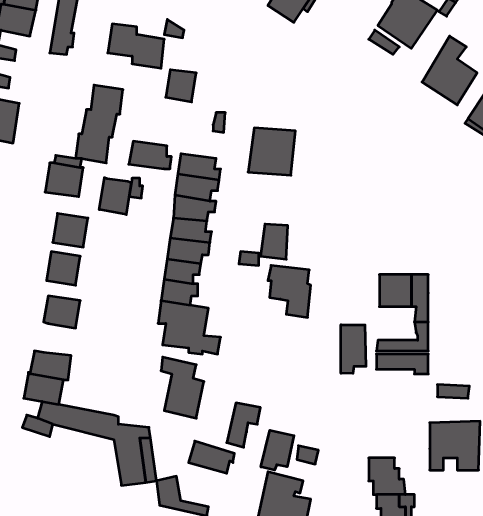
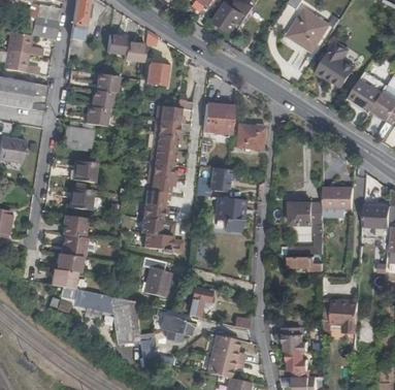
building: [129,141,171,169] -> [156,104,185,123]
building: none -> [235,124,262,149]
building: [99,178,131,215] -> none
building: none -> [323,184,353,215]
building: none -> [63,234,88,257]
building: [341,325,366,373] -> none
building: [261,430,294,470] -> none

